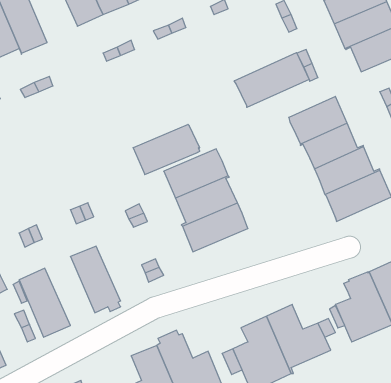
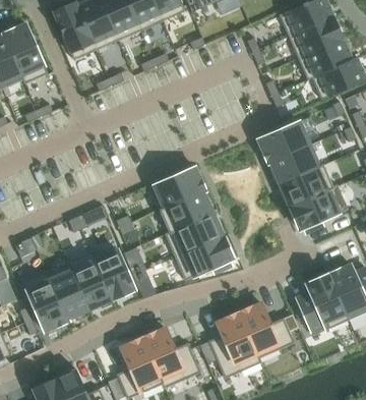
building: [234,53,309,107] -> none
building: [133,124,200,175] -> [175,235,233,279]
building: none -> [90,248,135,298]
building: none -> [46,260,89,320]

